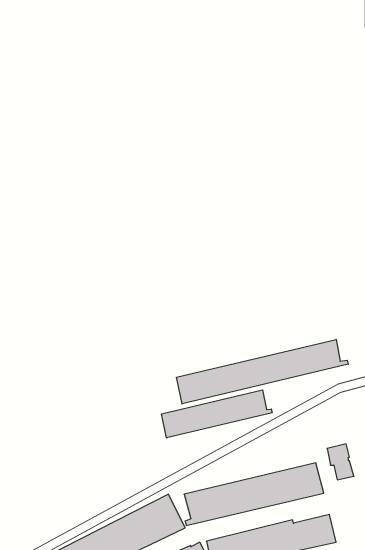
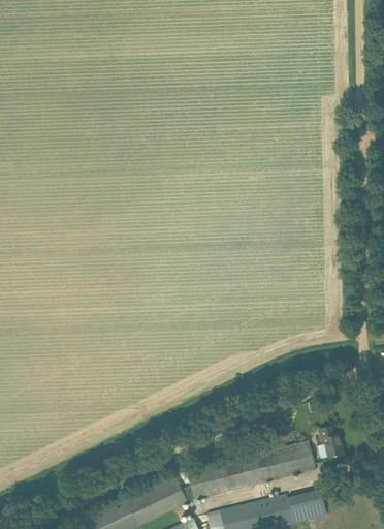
building: [177,339,348,404] -> none
building: [161,390,272,438] -> none

